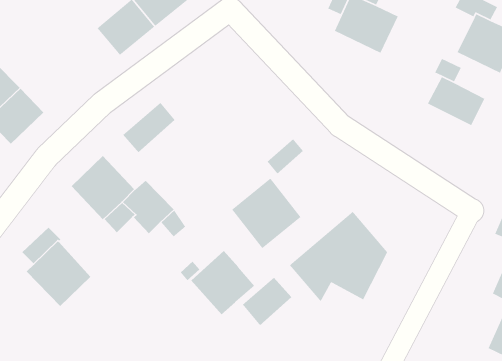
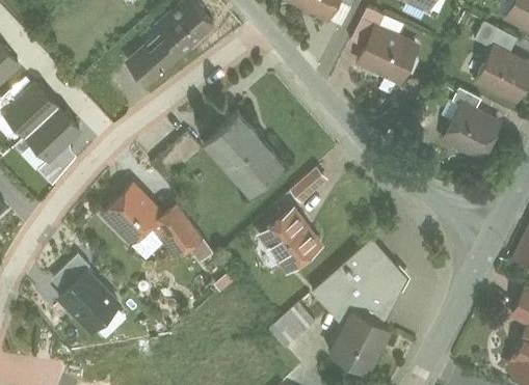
building: none -> [206,110,287,194]
building: [190,250,255,315] -> none
building: none -> [330,306,397,373]

